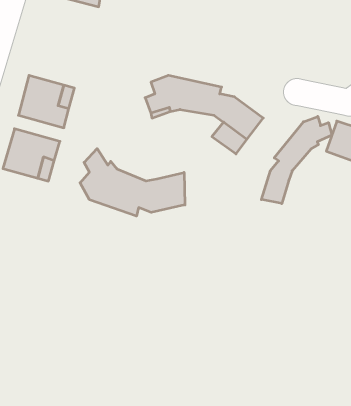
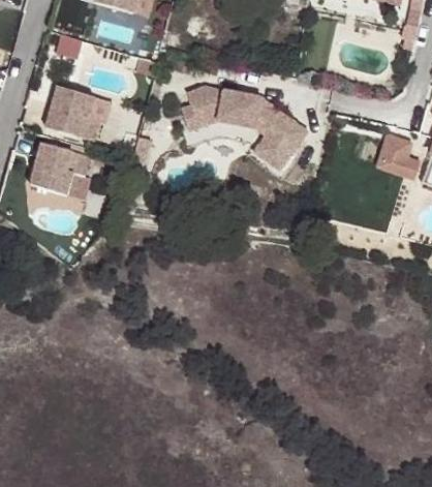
building: [261,116,332,204] -> none
building: [80,149,185,216] -> none

